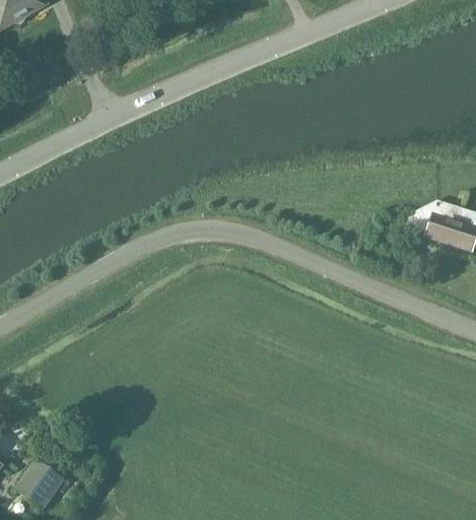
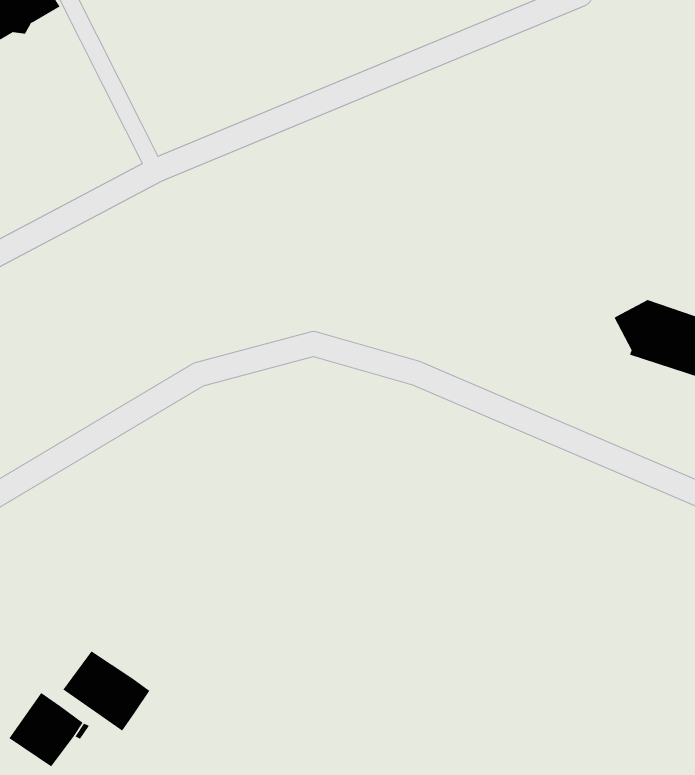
building: none -> [63,650,150,732]

